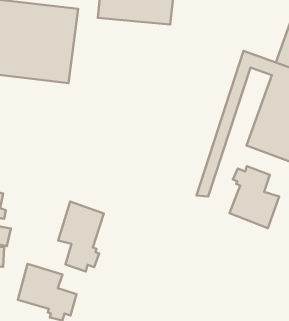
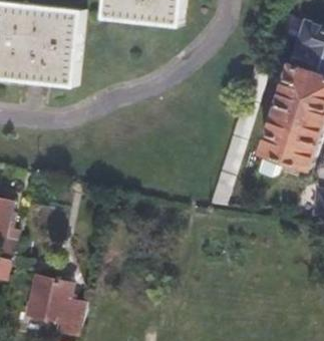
building: [229,166,279,228] -> none
building: [58,202,104,272] -> none

